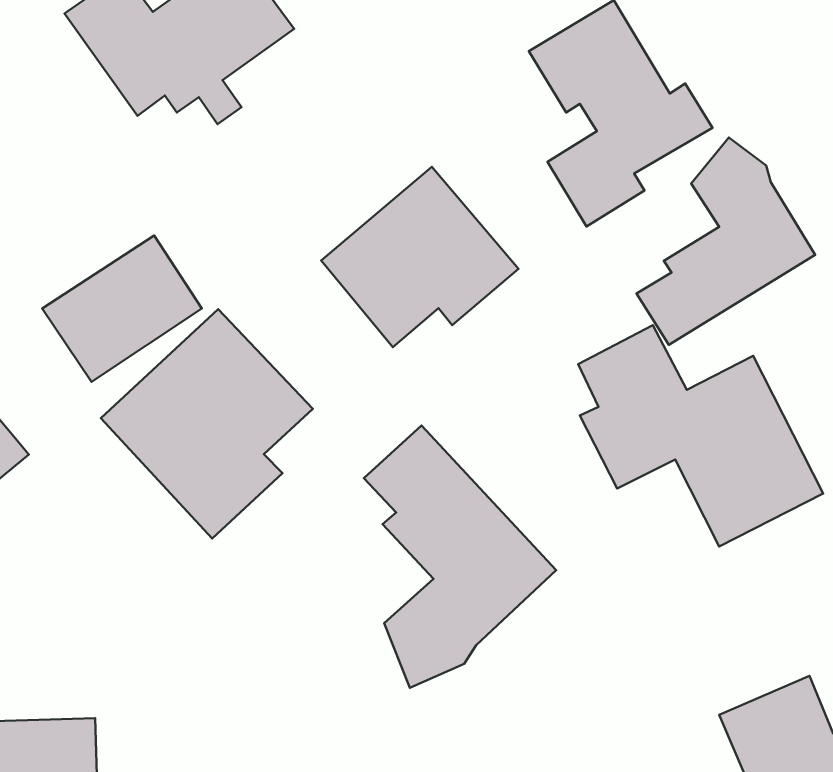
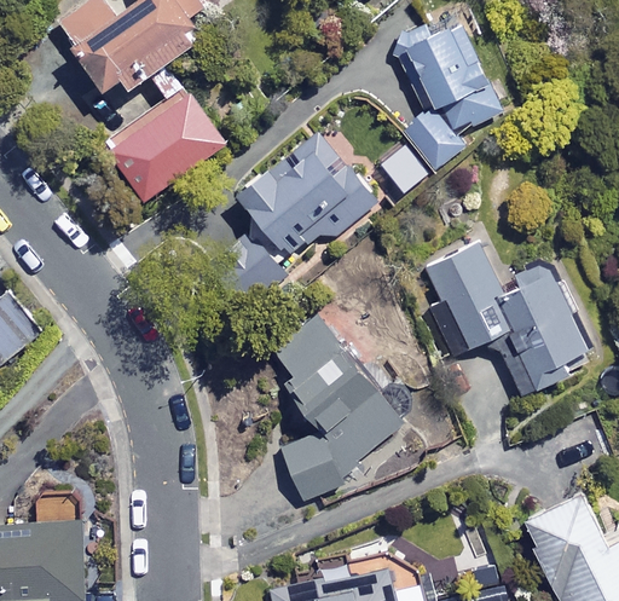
building: [636,137,815,345] -> none
building: [42,235,202,382] -> [111,93,225,197]
building: [101,309,313,538] -> none

